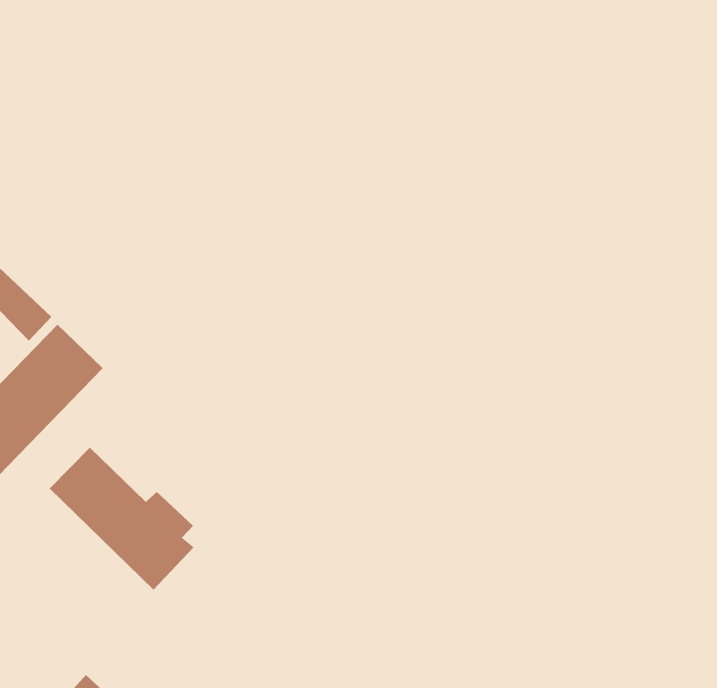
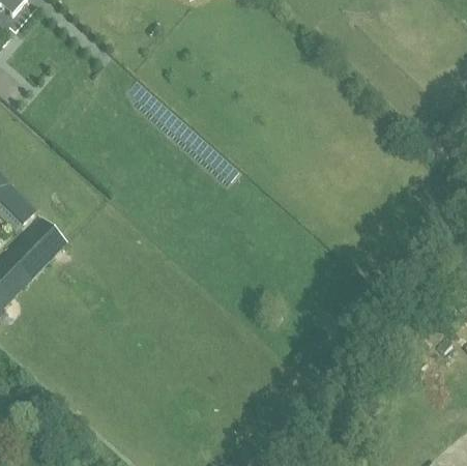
building: [49,447,195,590] -> none

